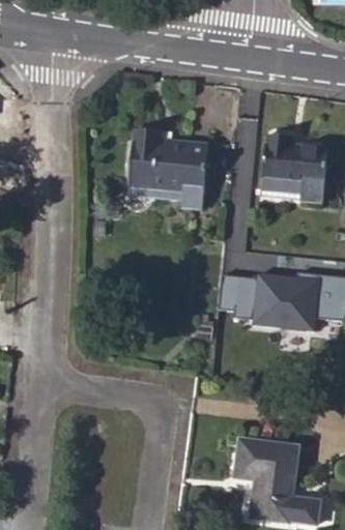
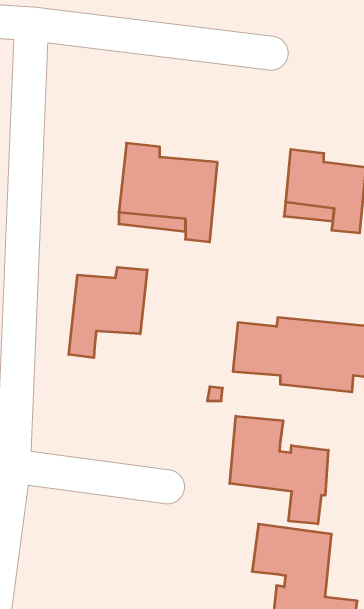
building: none -> [69,267,147,358]
building: none -> [230,416,328,524]

